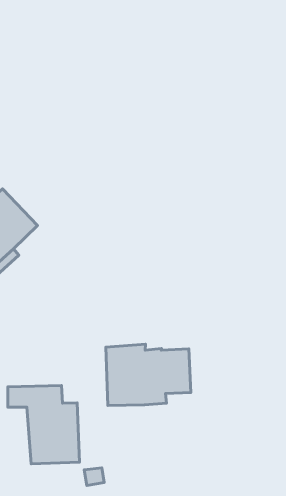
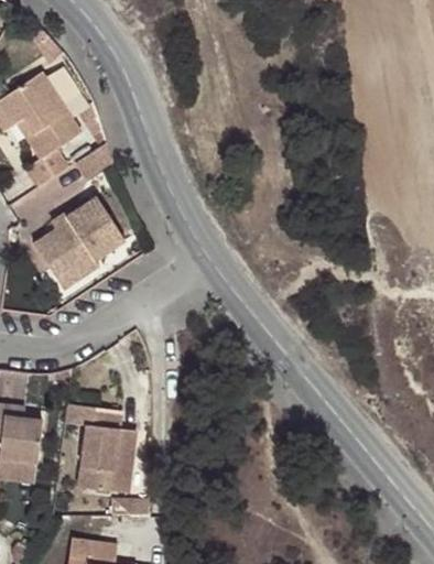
building: [106,344,191,406] -> none

